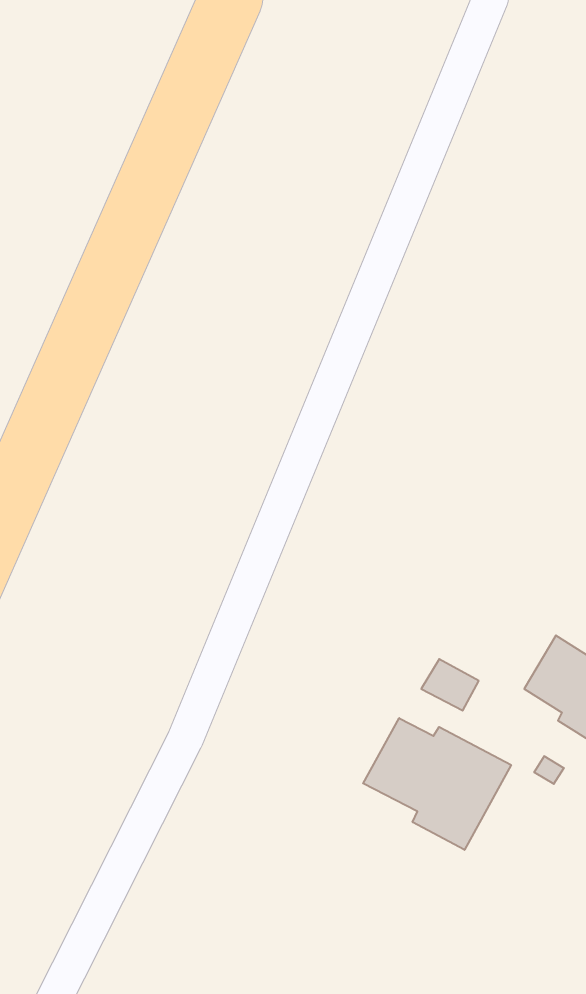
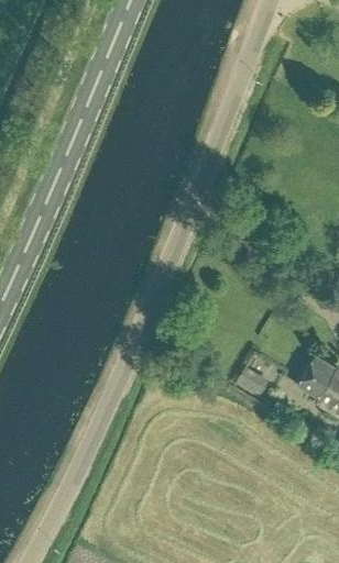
building: [363,718,511,850] -> none

